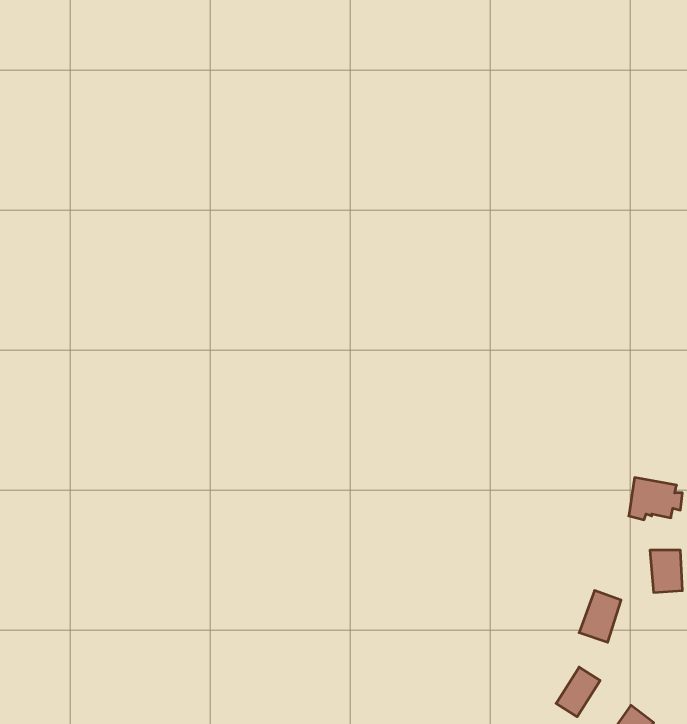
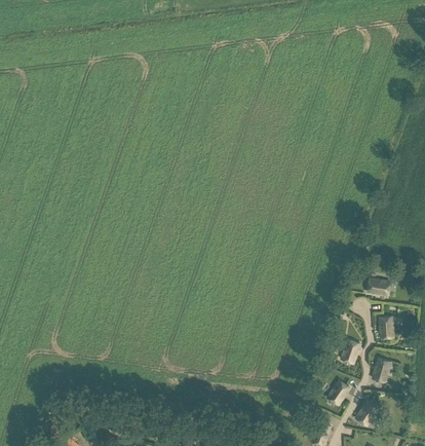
building: none -> [370,356,392,383]

